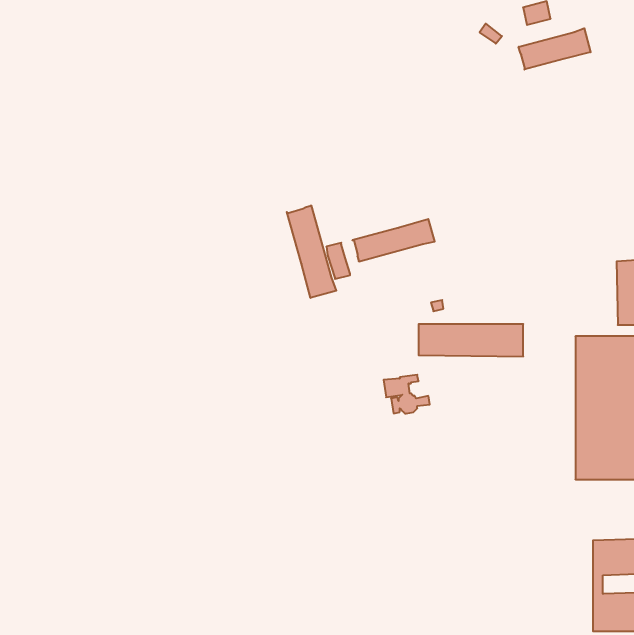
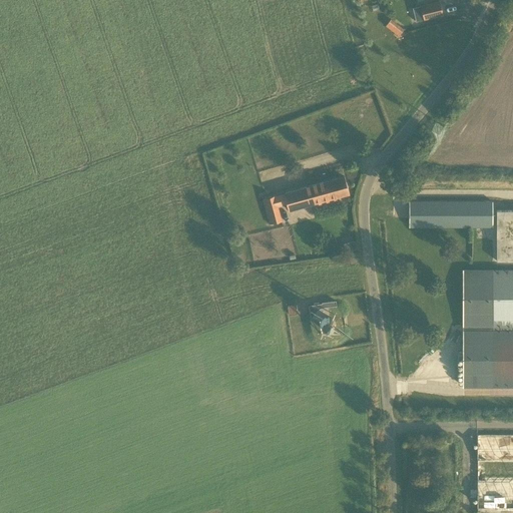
building: [519,28,591,70] -> none
building: [287,205,336,298] -> none
building: [419,324,523,356] -> [411,202,495,228]

